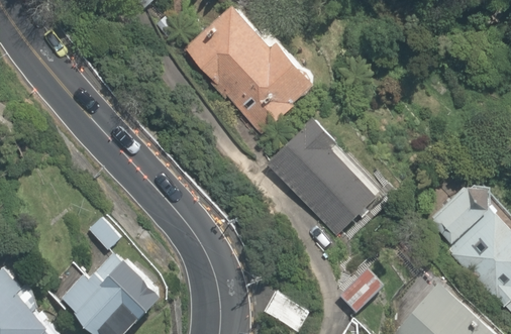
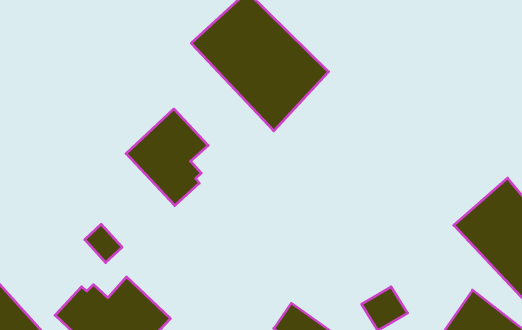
building: [268,112,386,230] -> none
building: none -> [126,109,208,206]

